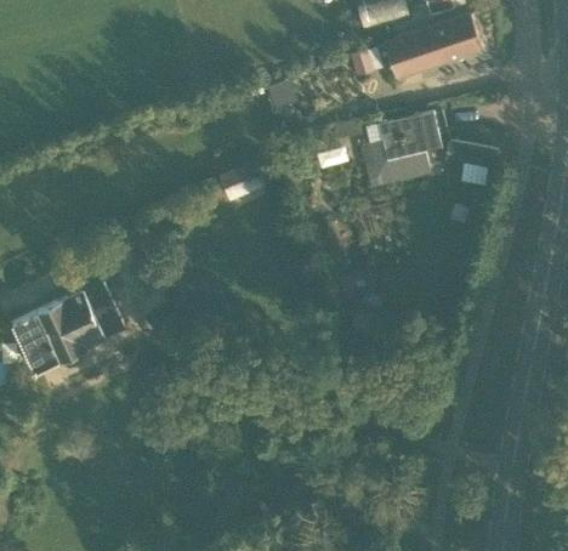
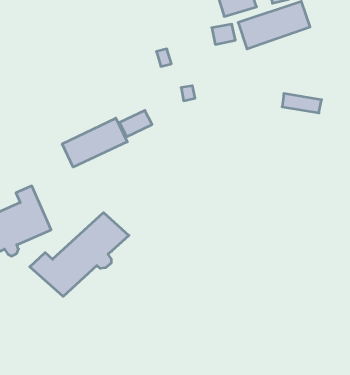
building: [368,112,441,178] -> none
building: none -> [62,118,127,167]
building: none -> [30,213,129,296]

